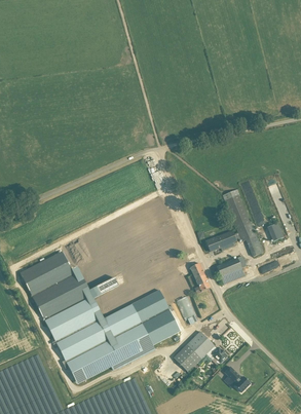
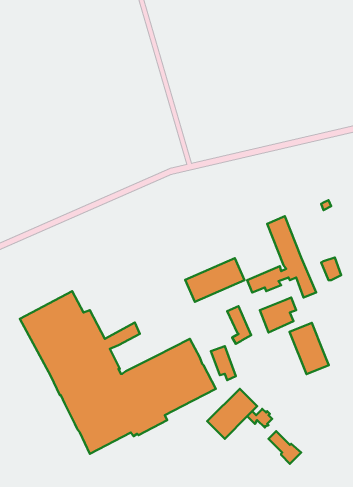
building: none -> [185,258,244,302]
building: none -> [290,323,329,374]

